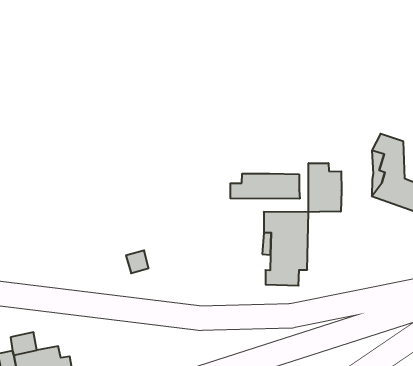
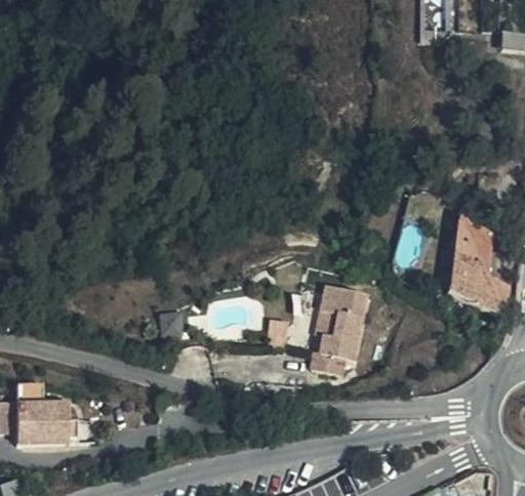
building: [308,163,341,212] -> none
building: [230,174,300,199] -> none

